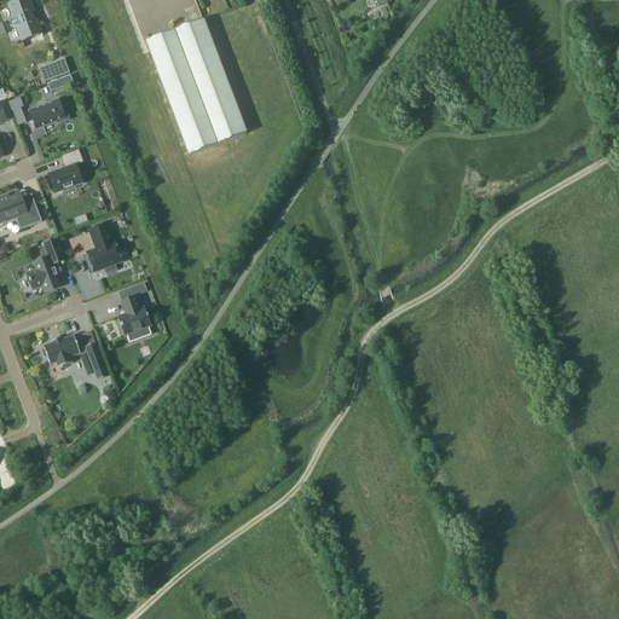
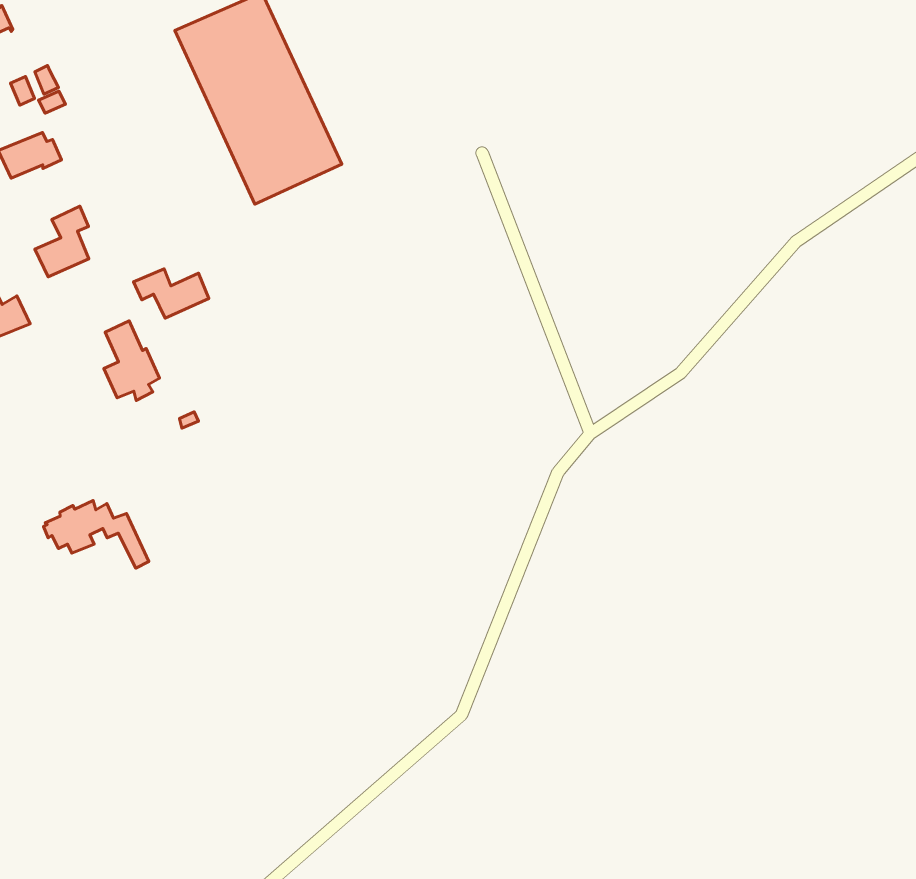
building: none -> [134,269,209,318]
building: [29,238,64,289] -> none
building: [117,295,151,335] -> none

